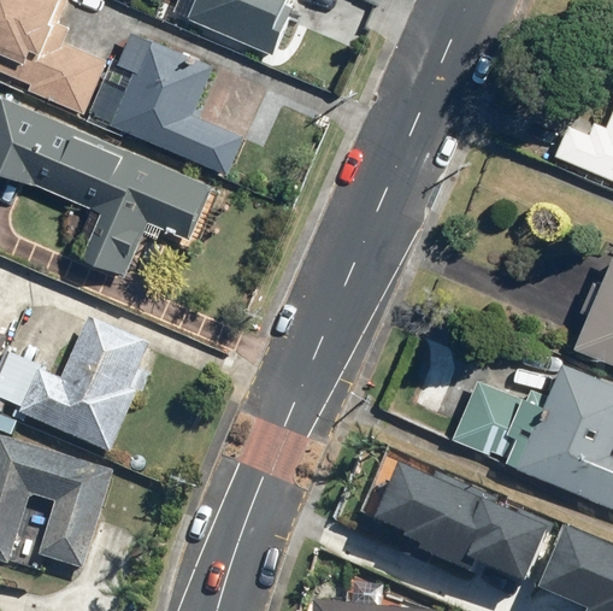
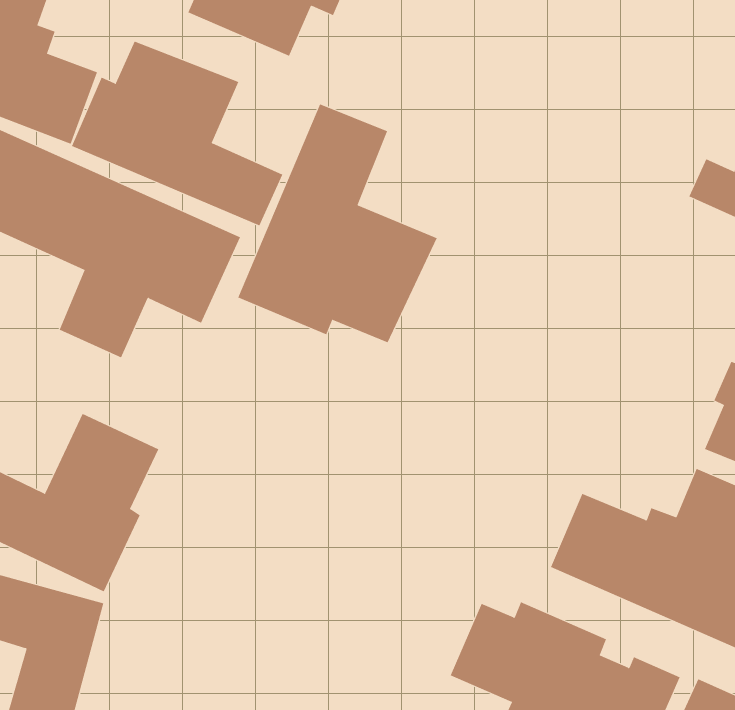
building: none -> [237,104,437,343]

